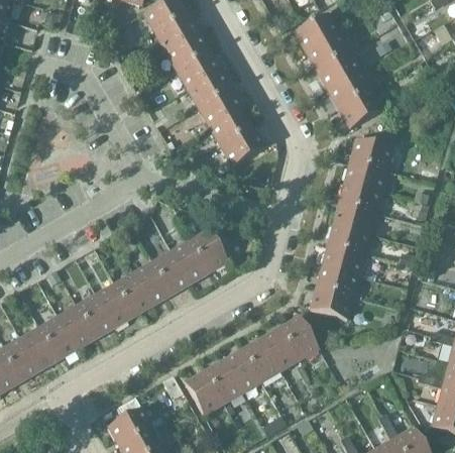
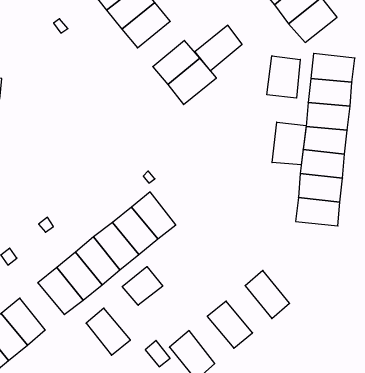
building: [199,90,242,128] -> [195,25,242,71]
building: none -> [267,56,300,98]
building: none -> [272,122,306,165]
building: [190,229,228,273] -> none
building: [310,288,353,320] -> none
building: [58,306,95,349] -> [86,308,130,355]
building: none -> [122,267,163,305]
building: [279,316,319,360] -> none
building: [242,338,280,381] -> none
building: [205,360,242,404] -> none

